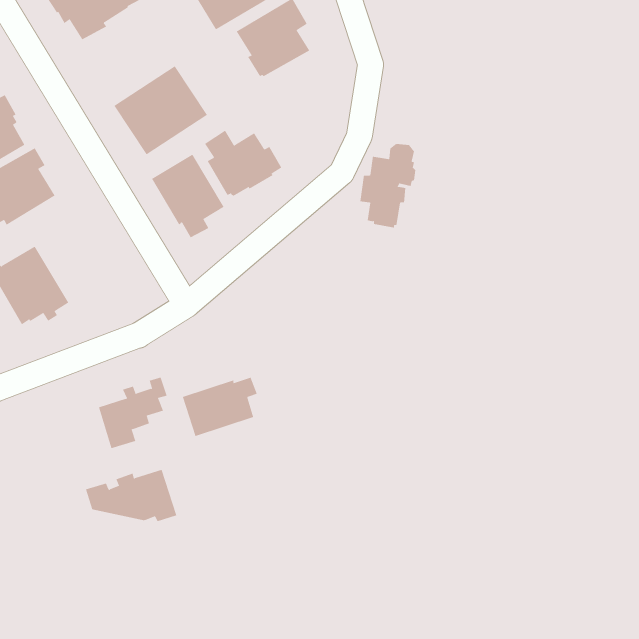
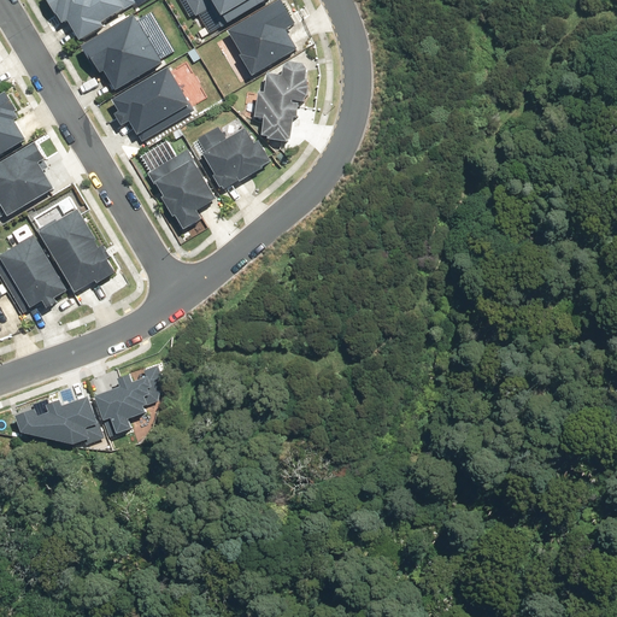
building: none -> [80,11,165,94]
building: [359,144,416,228] -> [253,60,307,141]
building: none -> [36,208,114,292]
building: [182,377,258,437] -> none
building: [85,469,177,522] -> [14,388,102,439]

